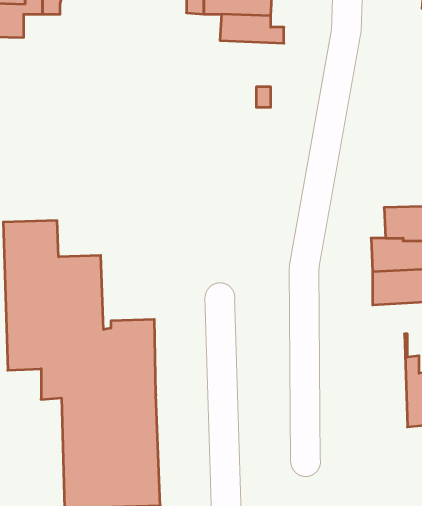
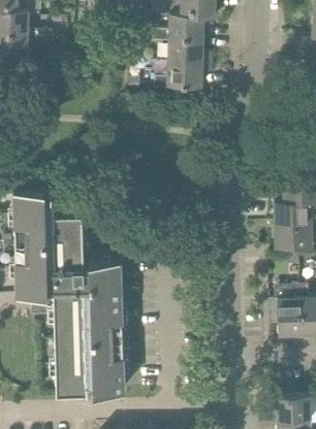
building: none -> [154,60,212,88]
building: none -> [277,268,299,334]

